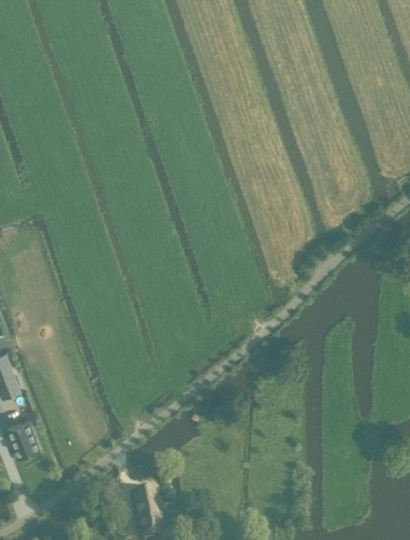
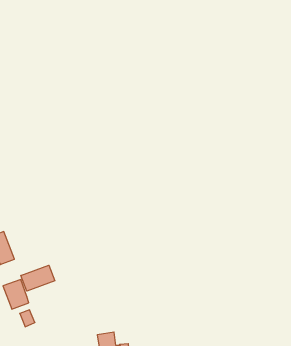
building: none -> [21,265,55,291]

